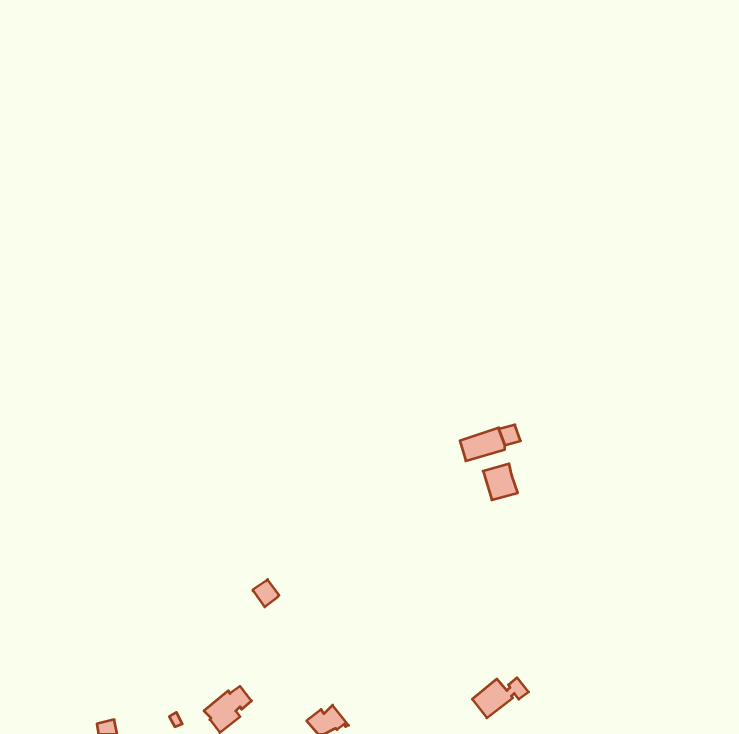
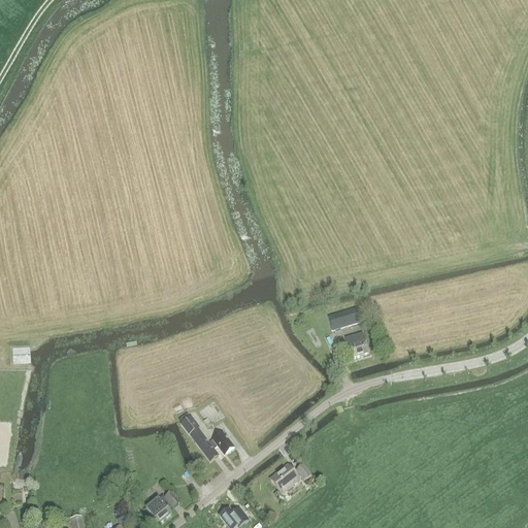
building: none -> [195,430,234,460]
building: [472,678,529,718] -> [270,463,310,492]

